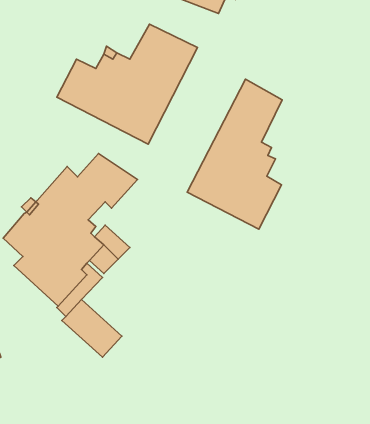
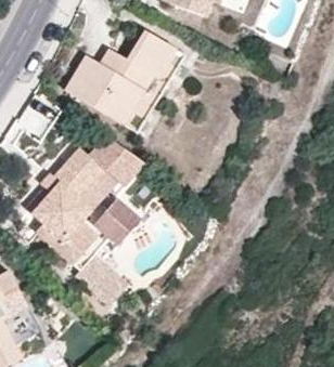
building: [187,79,282,229] -> none

